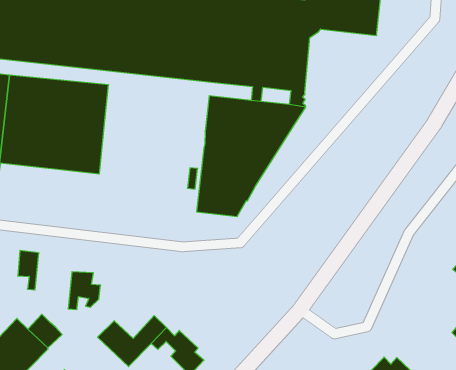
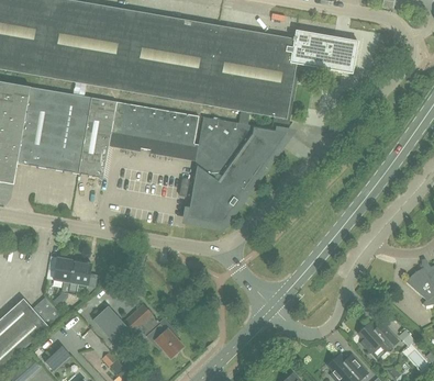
building: none -> [108,101,198,160]
building: [18,250,39,290] -> [53,257,73,292]
building: none -> [358,321,398,352]

